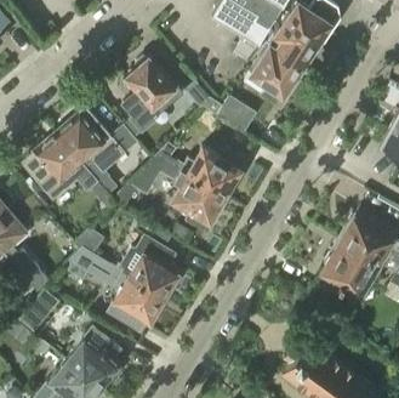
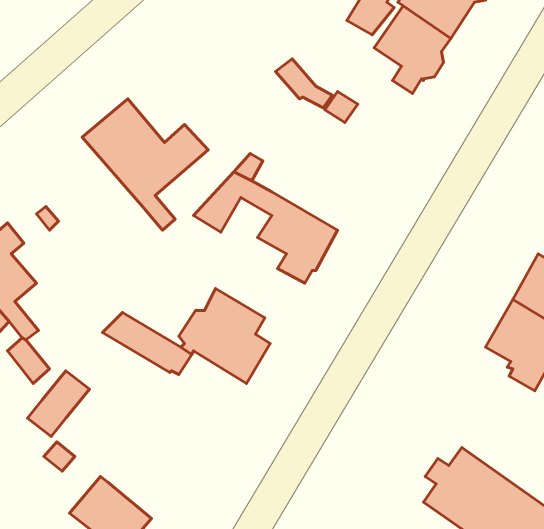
building: [124,56,184,132] -> none
building: [24,133,97,199] -> none
building: [182,148,245,195] -> none
building: [114,275,165,324] -> none
building: [68,328,122,387] -> none

